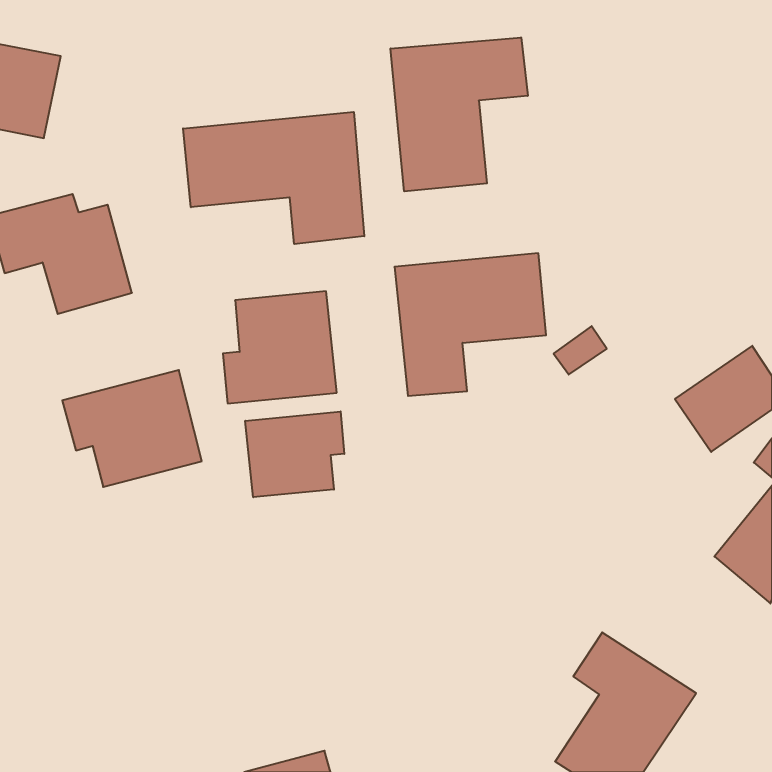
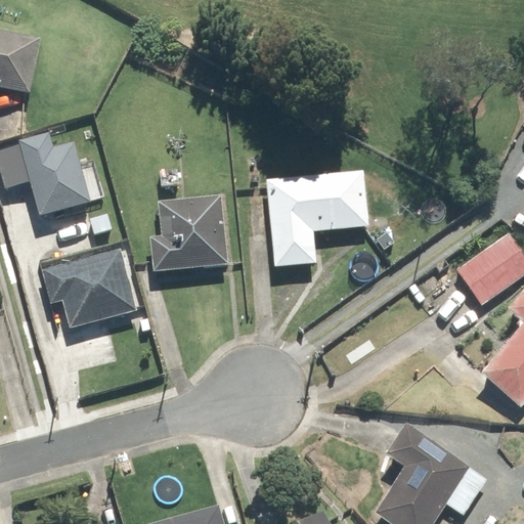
building: [391,37,528,191] -> none
building: [183,112,364,244] -> none
building: [245,411,344,497] -> none

